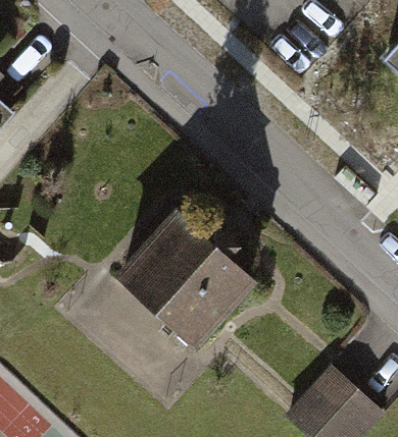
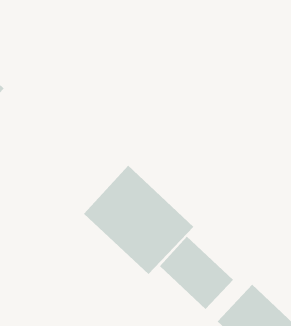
building: none -> [159,236,234,310]

